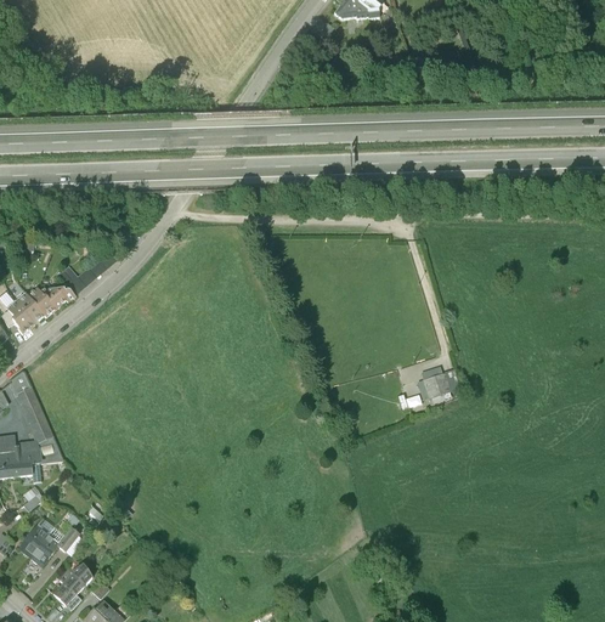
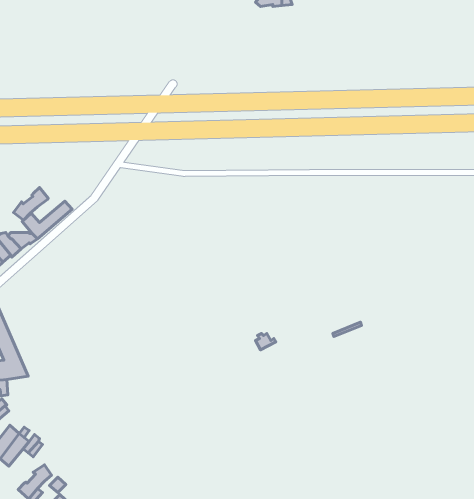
building: none -> [14,188,48,220]
building: [418,367,458,398] -> none

